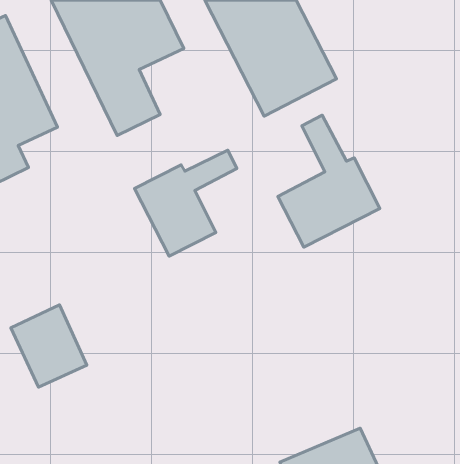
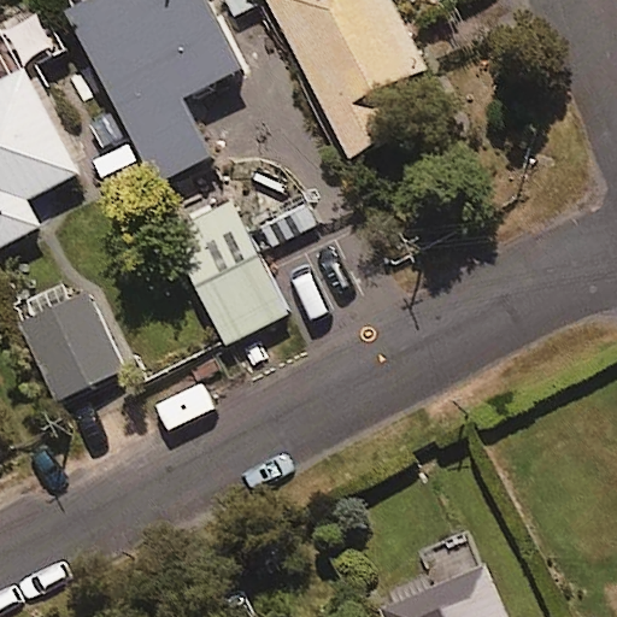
building: [278,115,380,247] -> none
building: [11,305,87,387] -> [17,292,117,400]

